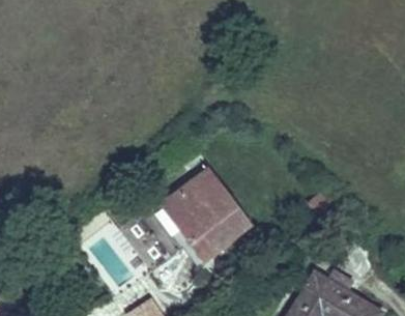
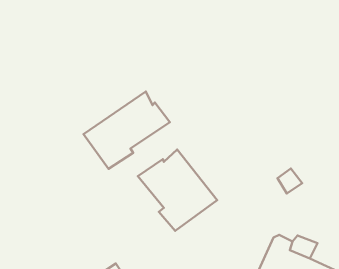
building: none -> [83,92,170,169]

